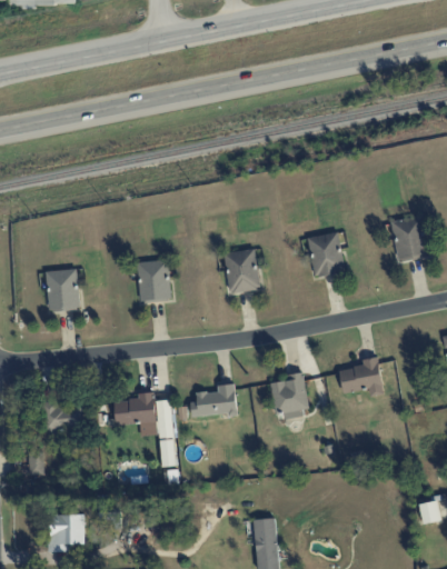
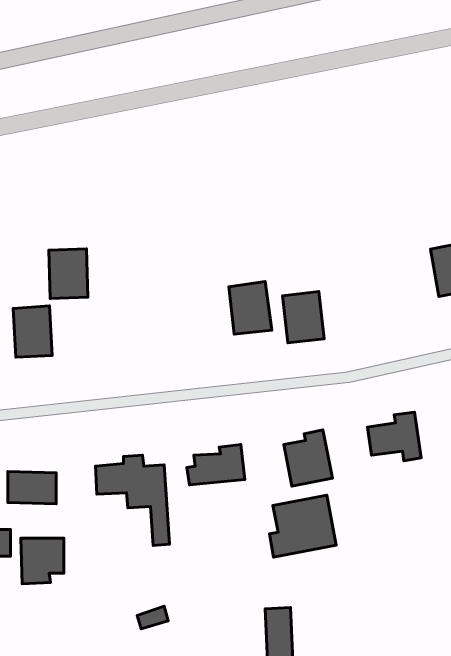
building: [309,233,344,276] -> [282,292,324,343]
building: [138,260,170,301] -> [49,249,88,299]
building: none -> [270,495,336,557]
building: [49,515,85,552] -> [21,538,64,584]

